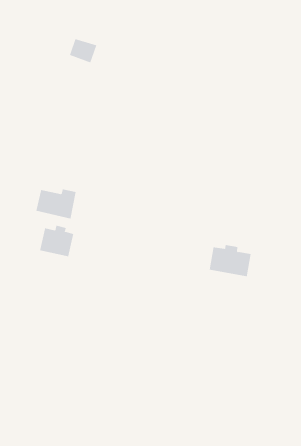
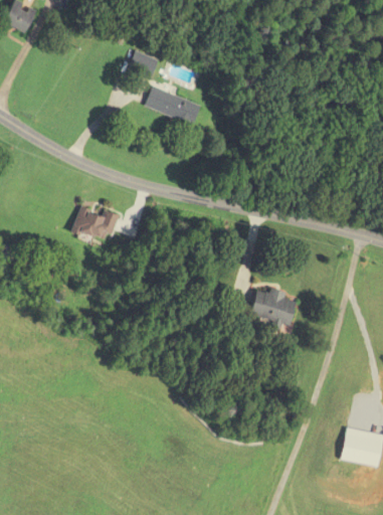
building: none -> [145,87,202,124]
building: [40,225,74,257] -> none

